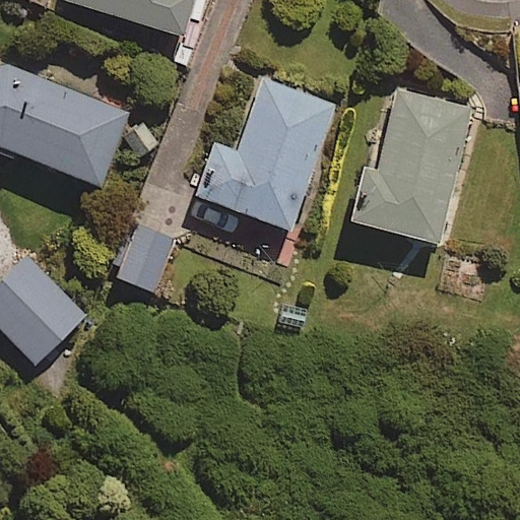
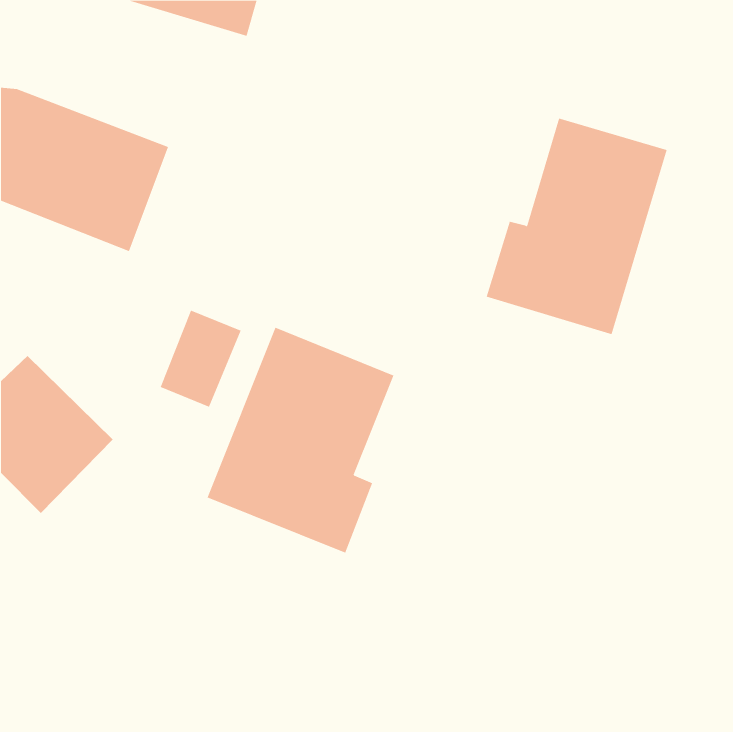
building: [196,80,335,228] -> none
building: none -> [207,327,394,553]

